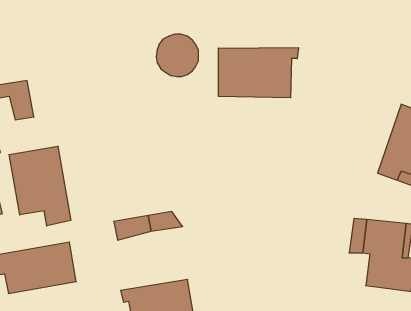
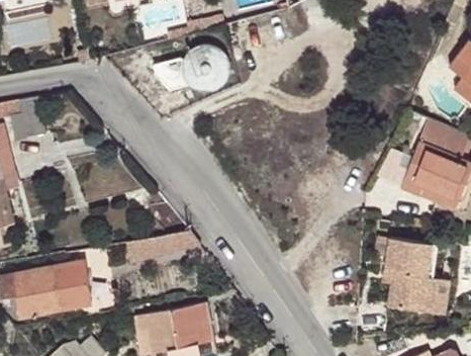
building: [219,48,298,98] -> none
building: [9,146,71,226] -> none

